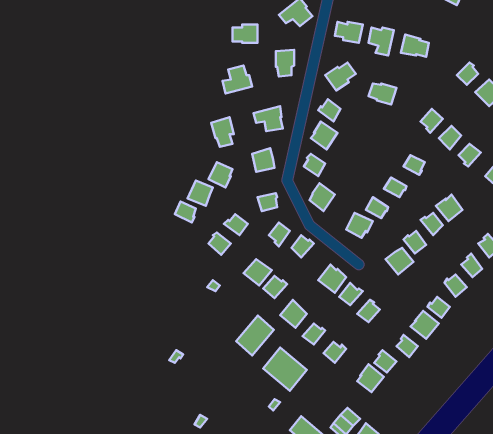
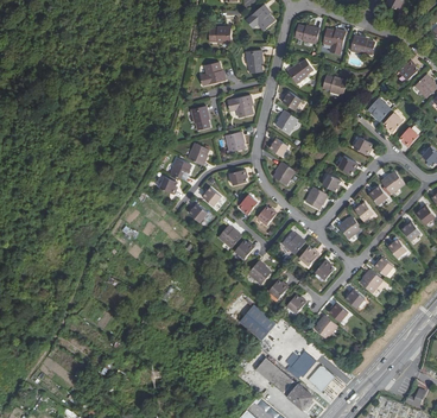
building: [236,315,274,355] -> none

